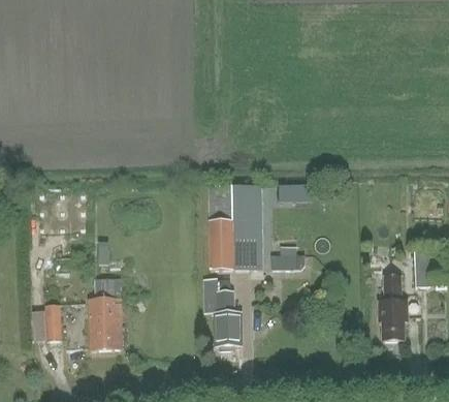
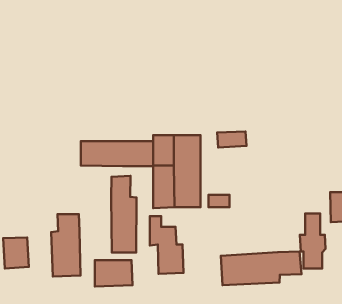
building: none -> [81,141,153,166]
building: none -> [111,176,136,253]
building: none -> [221,251,302,285]
building: none -> [95,260,132,286]

